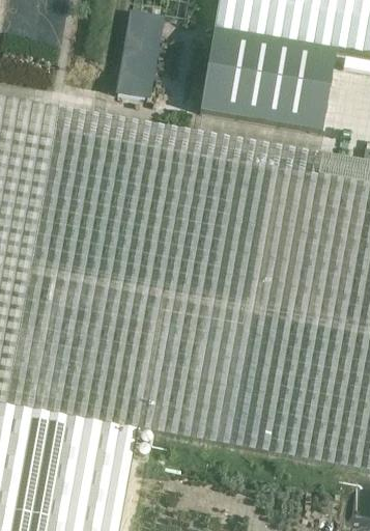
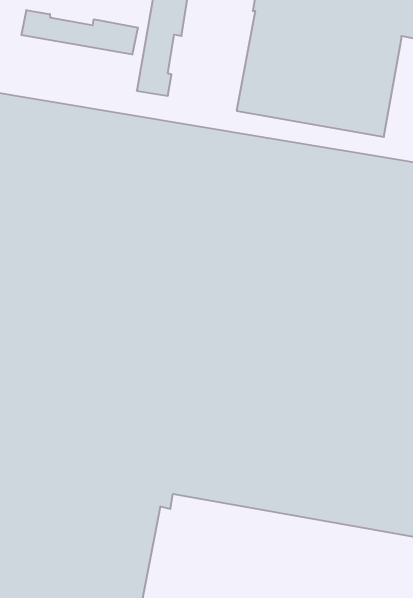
building: none -> [22,10,138,55]

